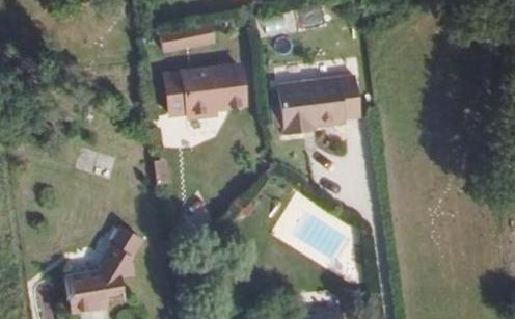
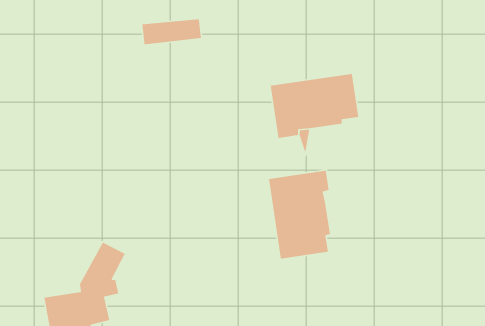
building: [170,60,251,112] -> none
building: none -> [268,170,331,259]

